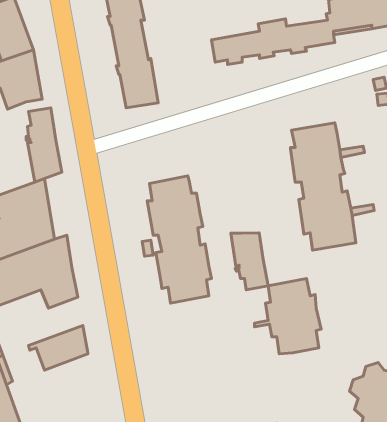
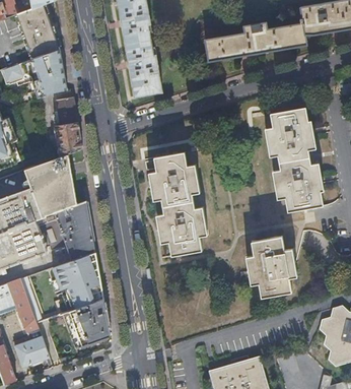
building: [231,233,268,290] -> none
building: none -> [52,251,99,290]
building: none -> [63,298,111,347]

